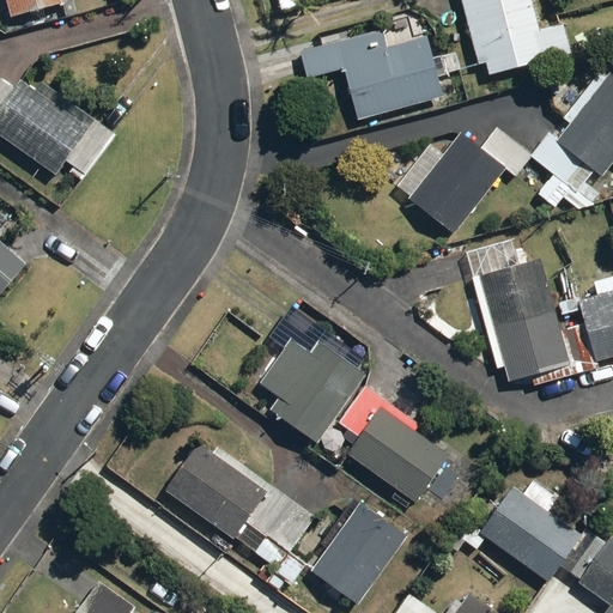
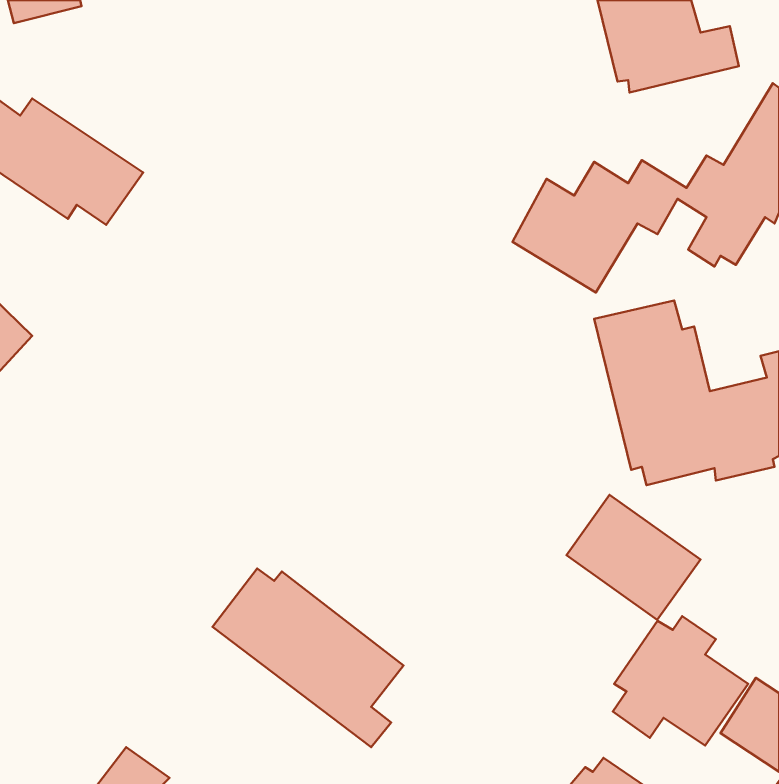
building: [306,32,445,120] -> none
building: [248,338,365,443] -> none
building: [347,405,451,502] -> [566,495,700,620]
building: [311,502,411,605] -> none

